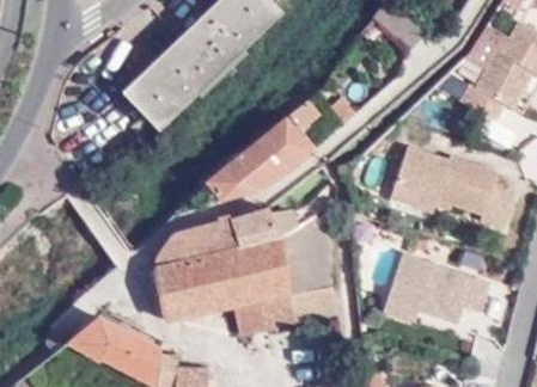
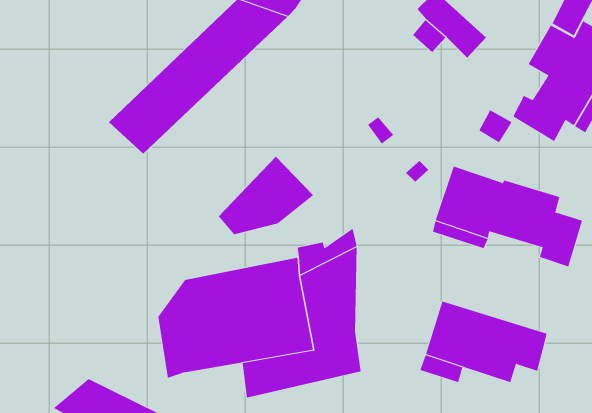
building: [257,91,316,166] -> none

